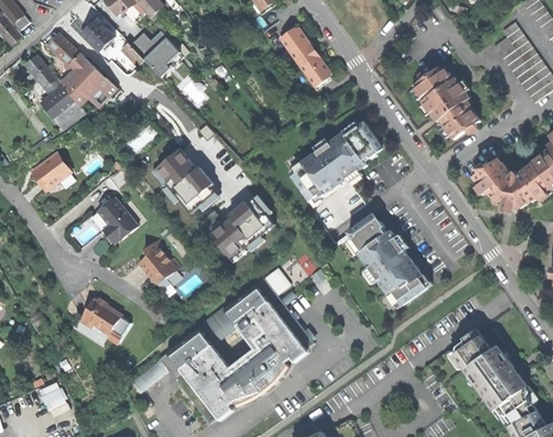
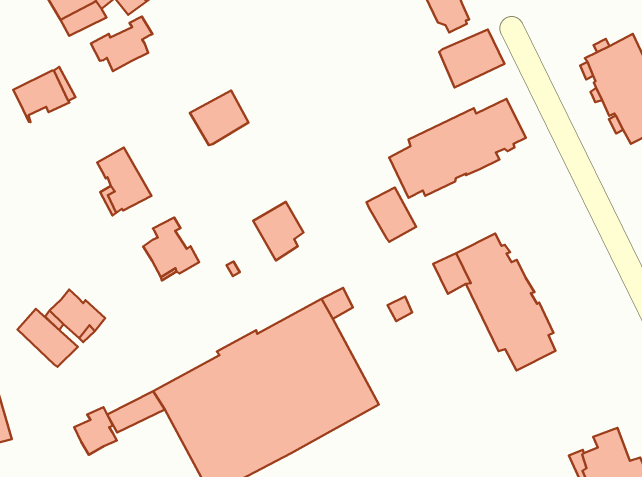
building: none -> [439,29,504,87]
building: none -> [91,17,152,71]
building: [171,165,209,201] -> none
building: [225,199,261,237] -> [366,188,416,242]
building: none -> [17,309,78,367]
building: none -> [74,407,117,455]

